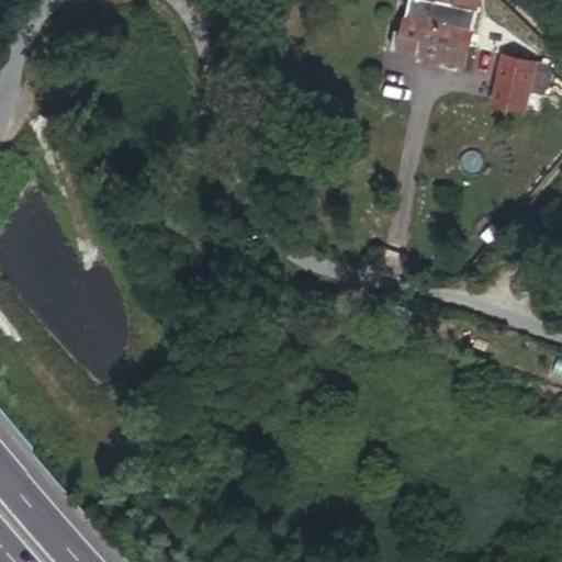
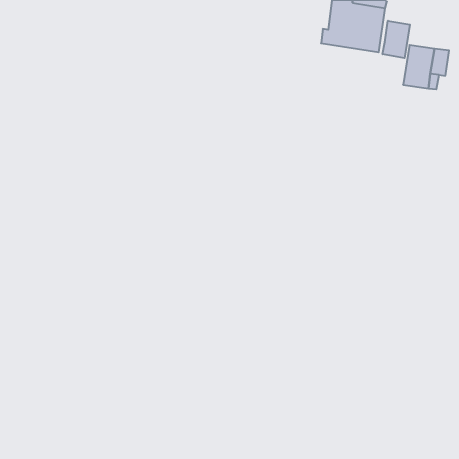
building: none -> [383,21,410,58]

